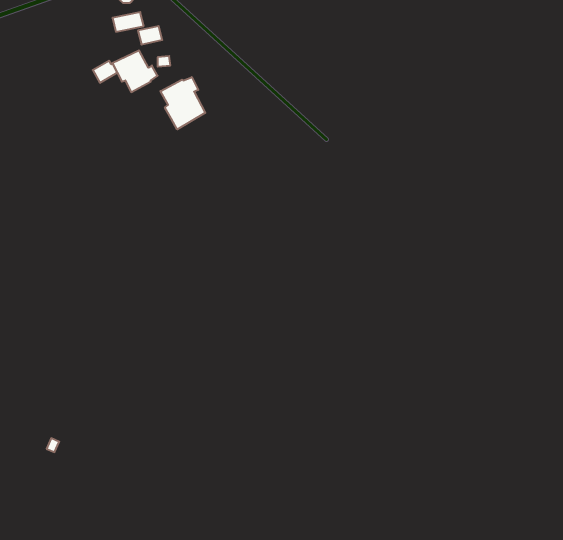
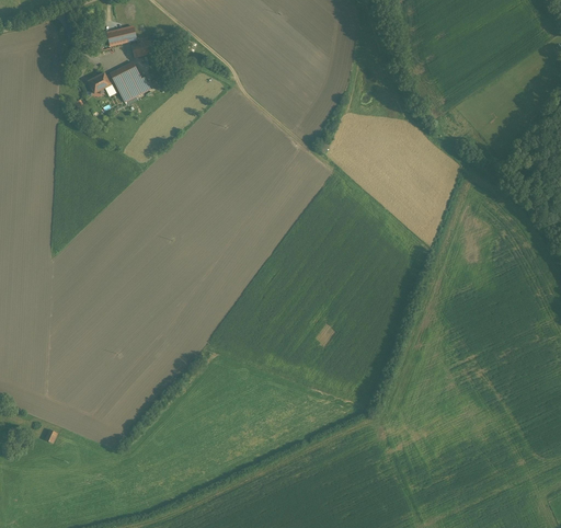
building: [160,77,205,129] -> none

